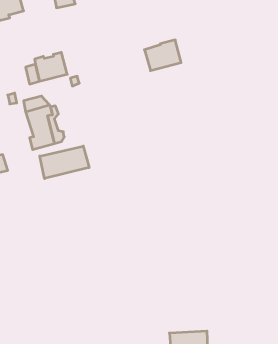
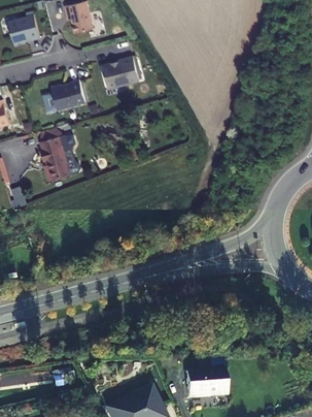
building: [144,40,181,71] -> [99,56,137,88]
building: [40,146,89,179] -> none

